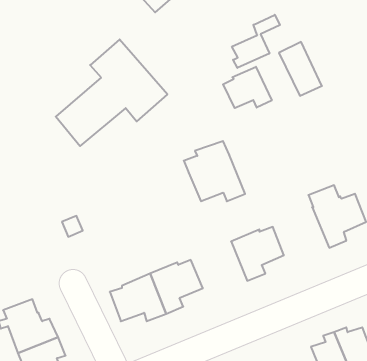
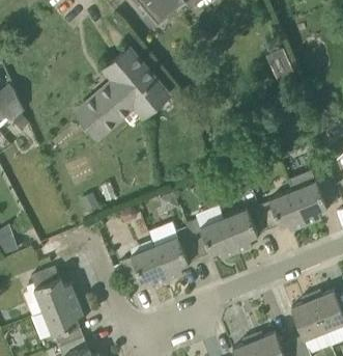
building: [232,15,280,68] -> none
building: [223,67,272,108] -> none
building: [184,141,245,201] -> [184,208,236,258]
building: none -> [258,190,306,230]

